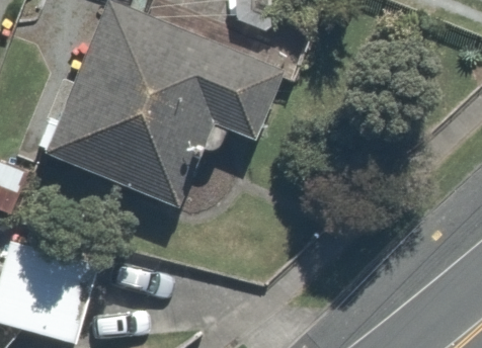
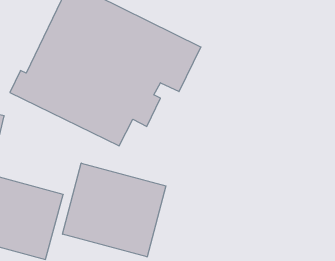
building: none -> [63,163,166,257]

